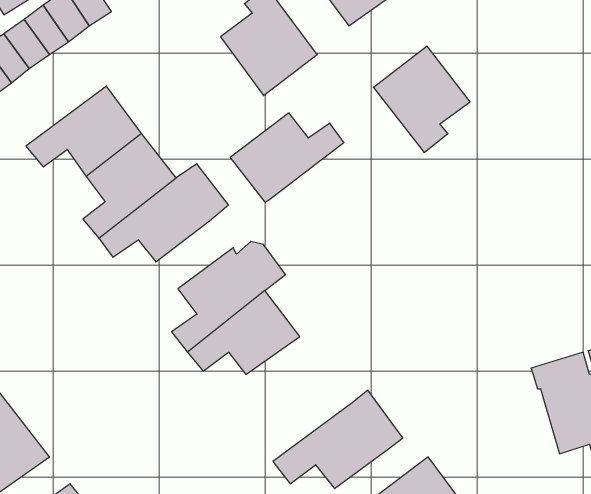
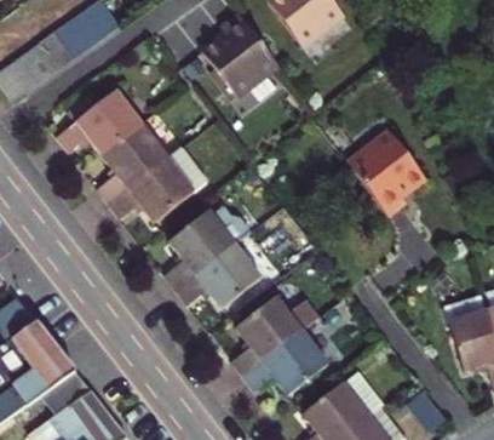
building: [373,46,470,152] -> [349,128,423,210]
building: [230,113,344,202] -> none
building: none -> [231,297,320,375]

